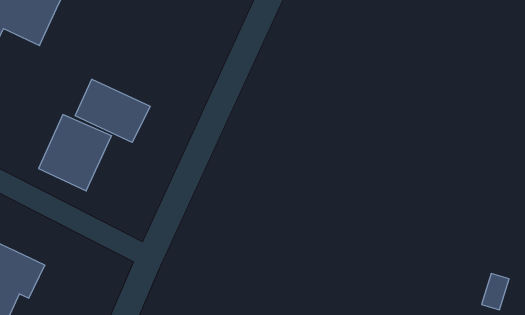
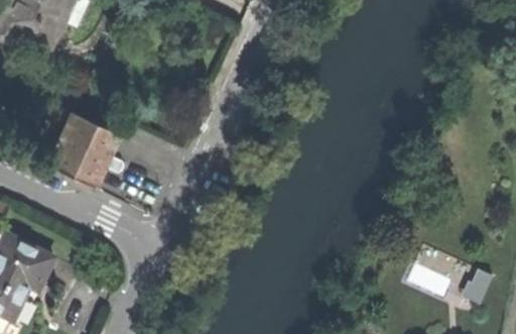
building: [75,79,150,142] -> none

